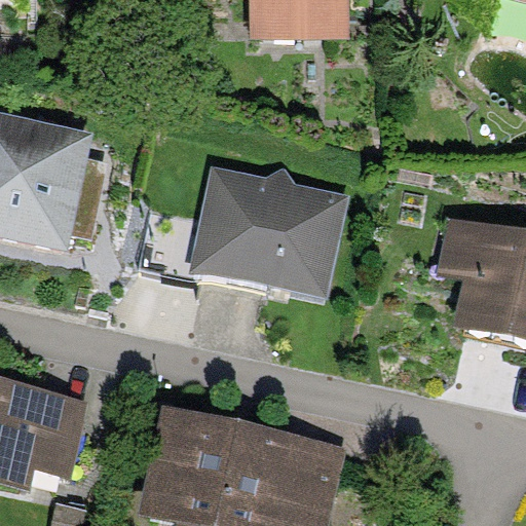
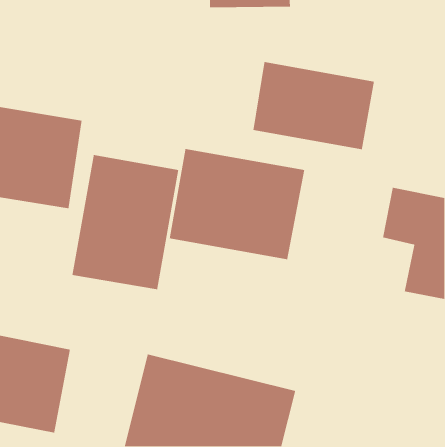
building: none -> [252,61,375,150]
building: none -> [72,154,179,290]

